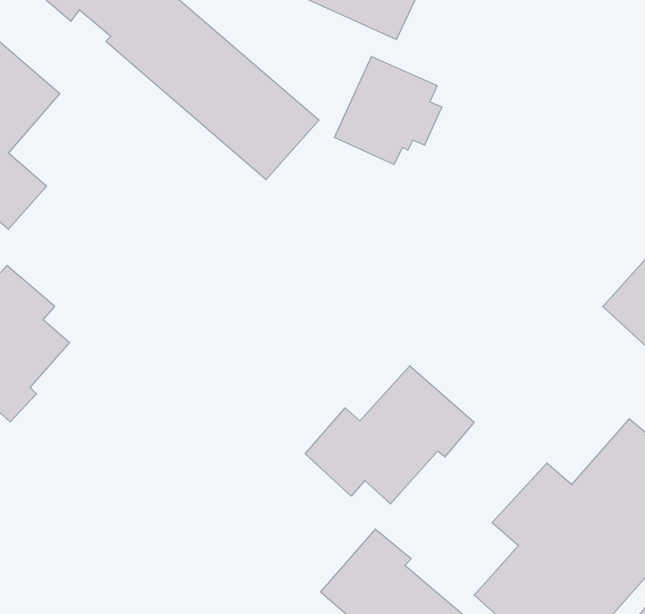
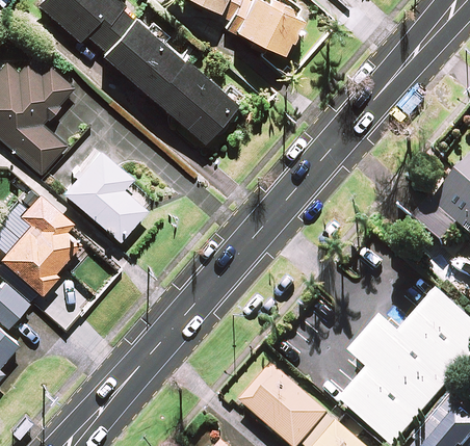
building: [334,56,442,164] -> none
building: none -> [63,150,145,239]
building: [305,366,474,504] -> none

